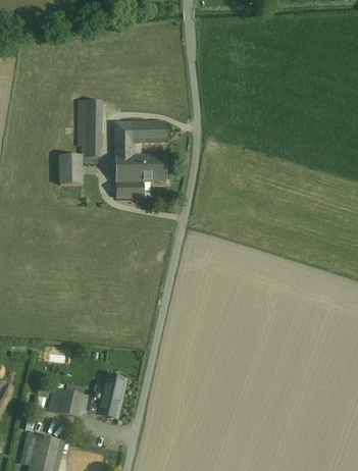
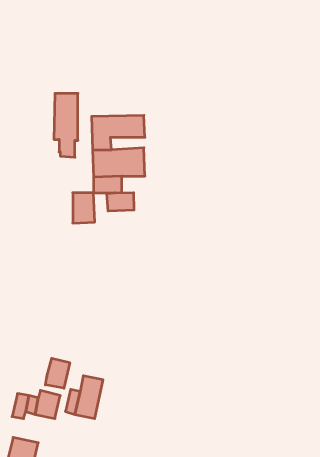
building: [60,154,82,184] -> [73,193,95,223]
building: none -> [107,193,134,211]
building: none -> [45,358,70,388]

